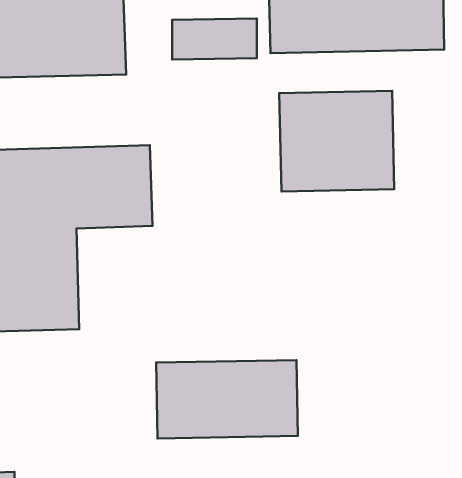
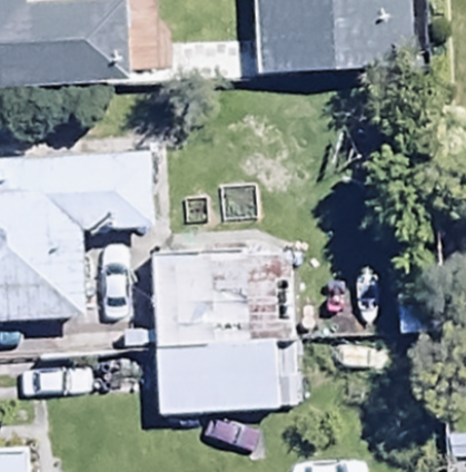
building: [279,91,394,192] -> none
building: none -> [152,255,280,347]

